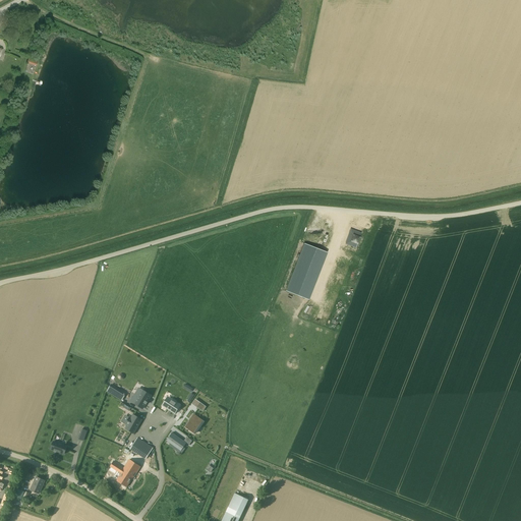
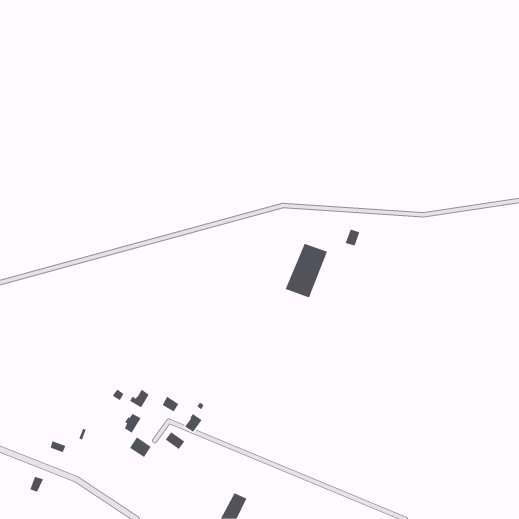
building: [109,458,139,486] -> none

